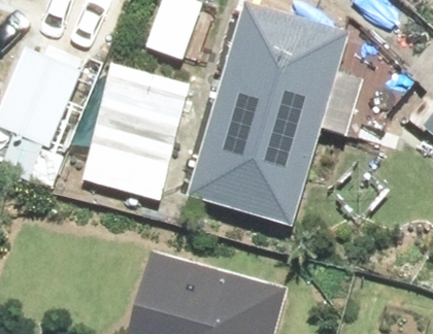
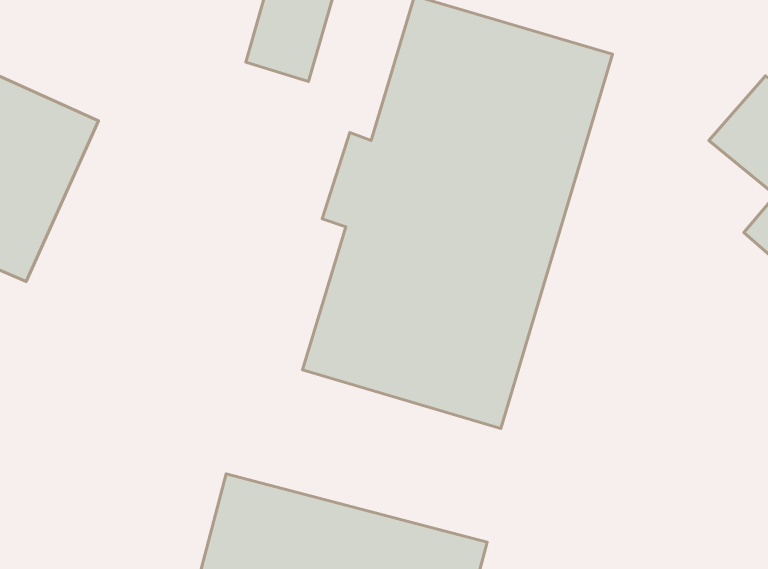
building: [81,63,184,192] -> none

